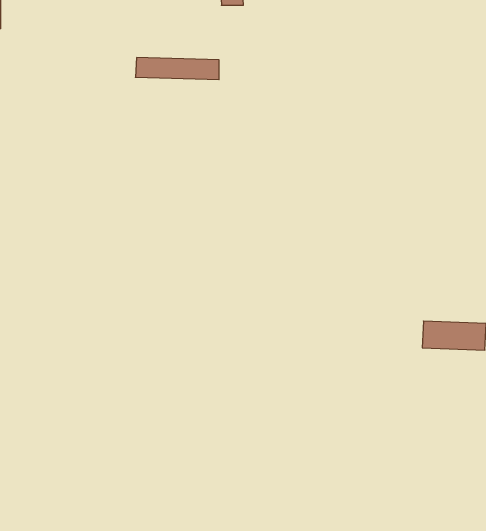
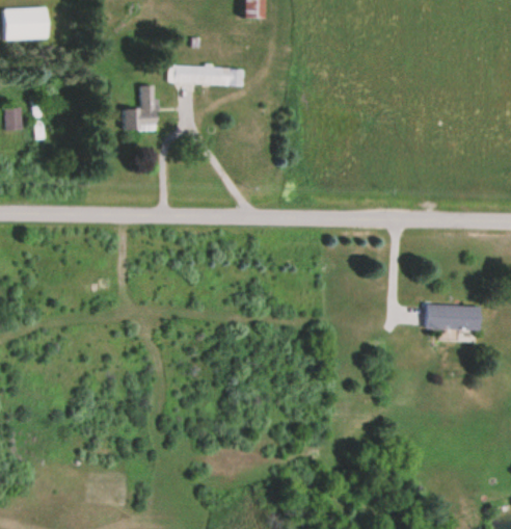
building: none -> [124,86,157,132]

